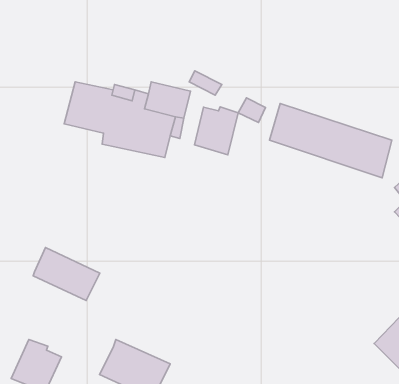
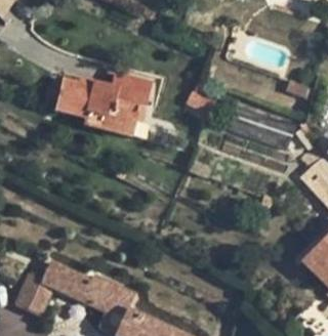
building: [194,107,238,155] -> none
building: [33,247,100,300] -> [41,259,91,299]

